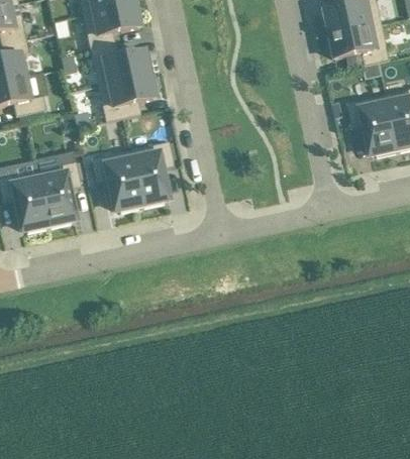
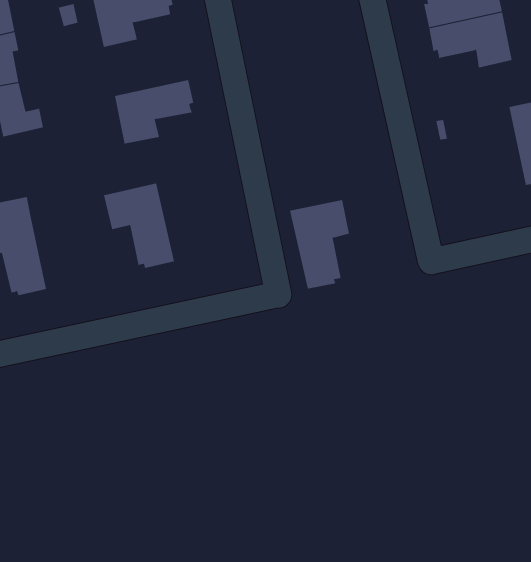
building: [90,43,152,85] -> none
building: [347,93,399,155] -> none
building: [129,140,174,206] -> [289,200,350,289]
building: [37,160,81,226] -> none

